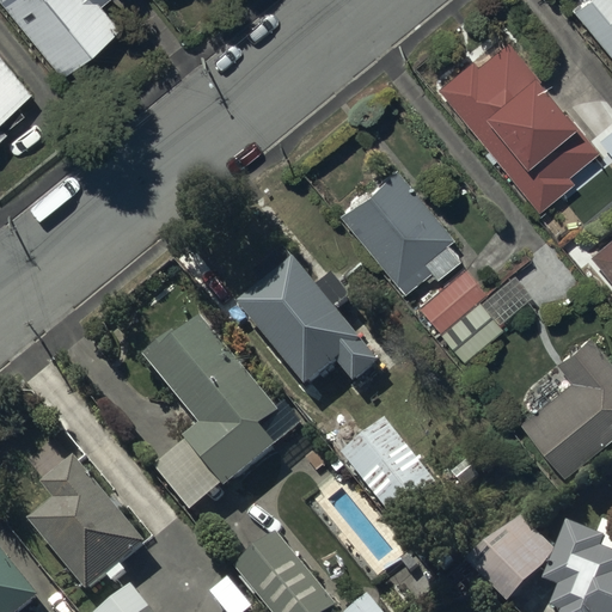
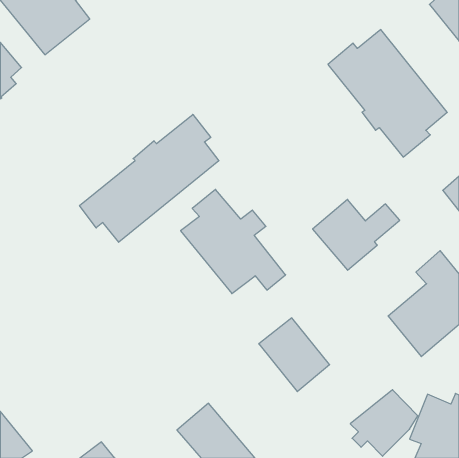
building: none -> [80,114,219,242]
building: [337,165,458,290] -> none
building: [146,324,305,516] -> none
building: [31,461,148,596] -> none

